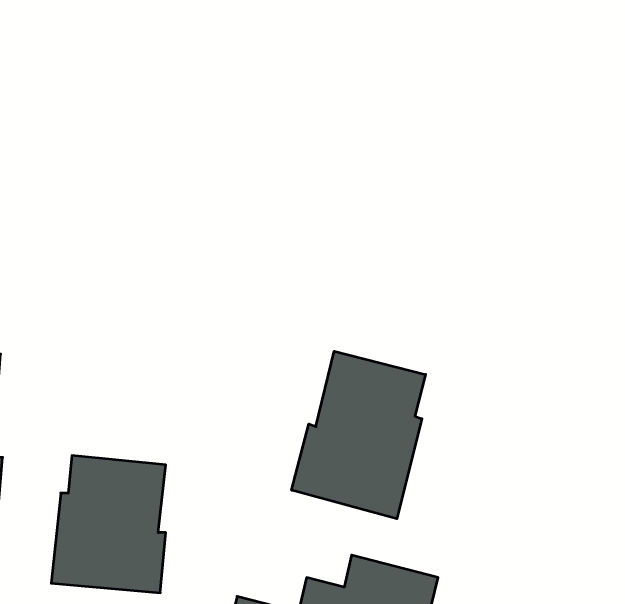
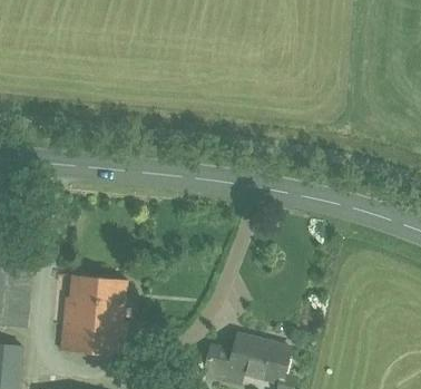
building: [292,351,426,519] -> none

